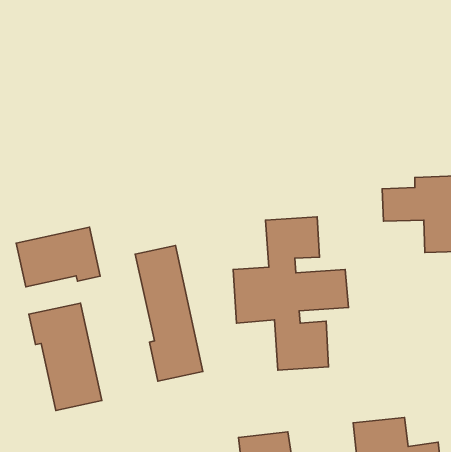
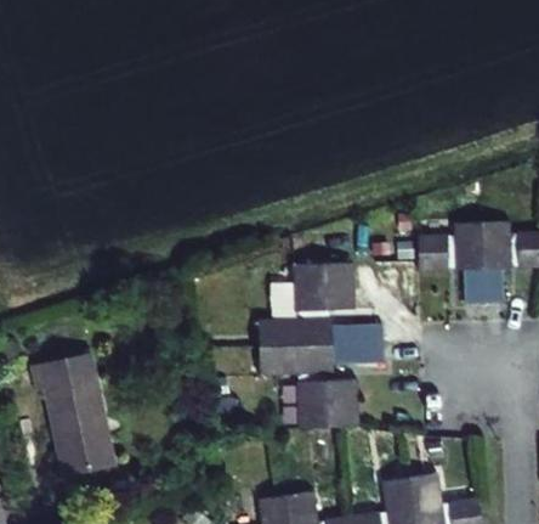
building: [16,227,100,287] -> none
building: [135,245,203,381] -> none

